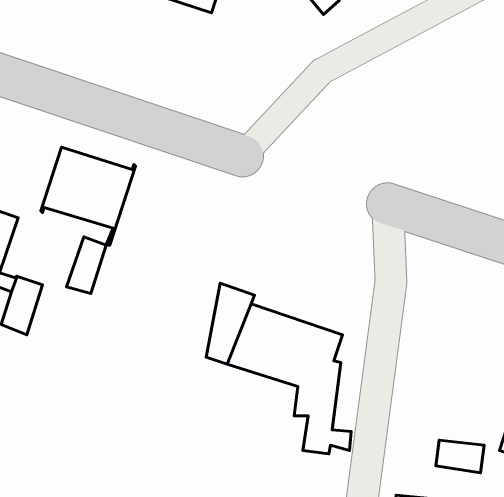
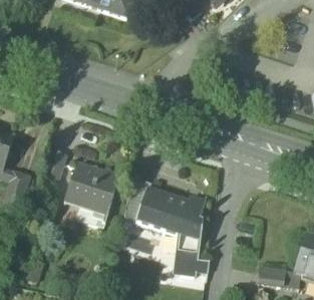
building: [41,147,136,245] -> [64,164,119,221]

